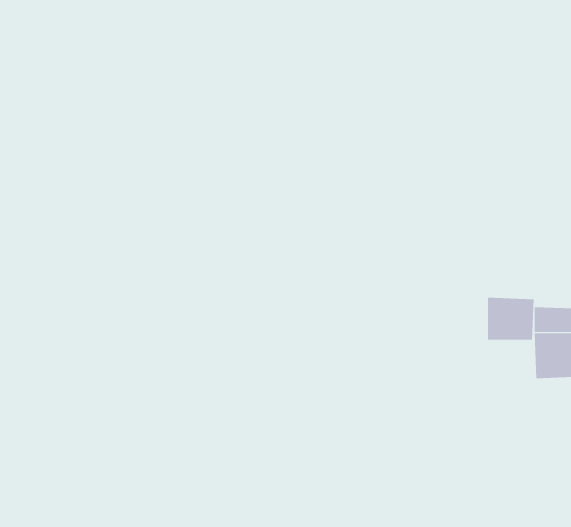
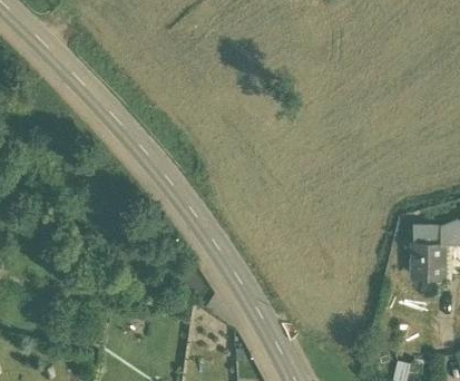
building: [487,297,534,341] -> none

